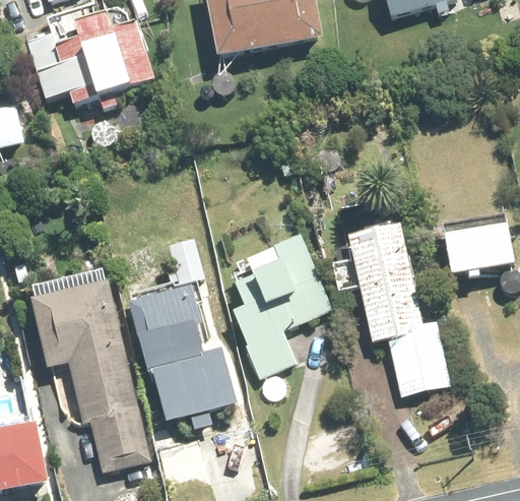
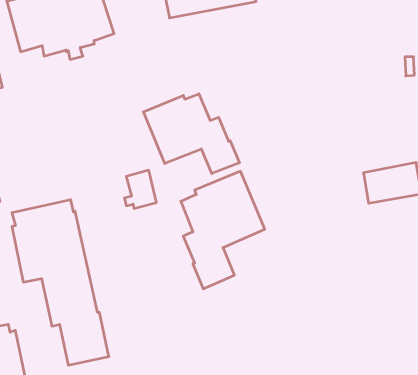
building: none -> [143,94,239,174]
building: [349,226,448,391] -> none
building: [129,286,235,426] -> none

